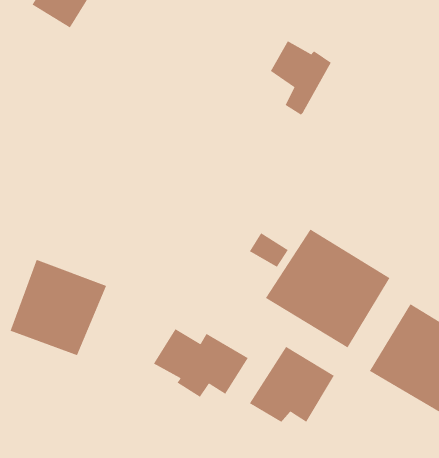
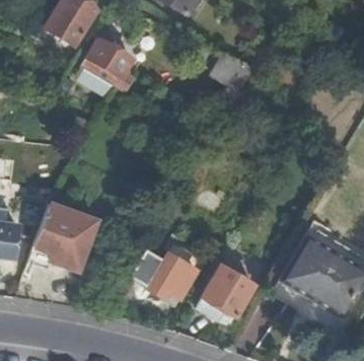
building: none -> [82,38,132,90]
building: [265,228,390,349] -> none

